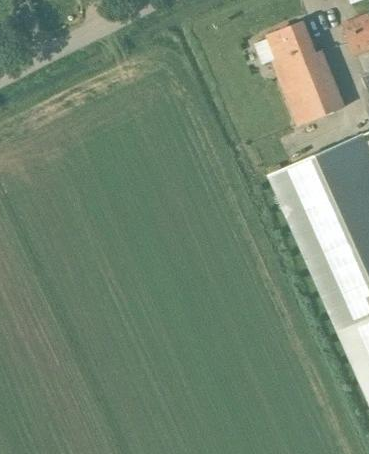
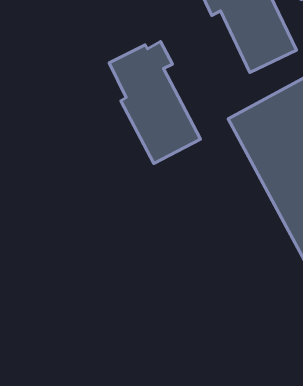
building: none -> [109,41,201,164]

